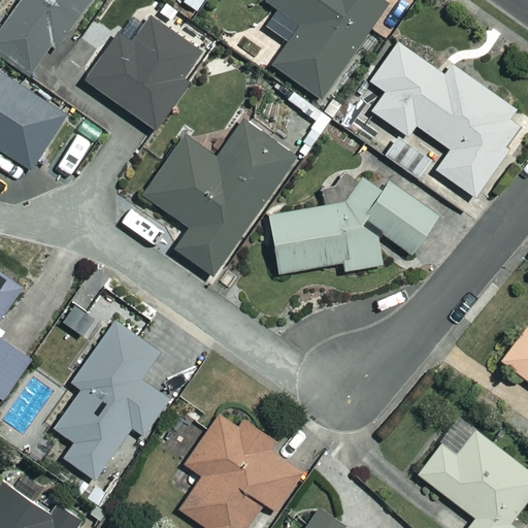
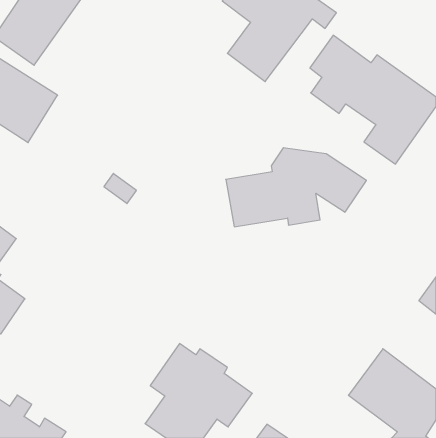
building: [87,15,205,127] -> none
building: [145,121,296,274] -> none
building: [48,318,167,480] -> none

